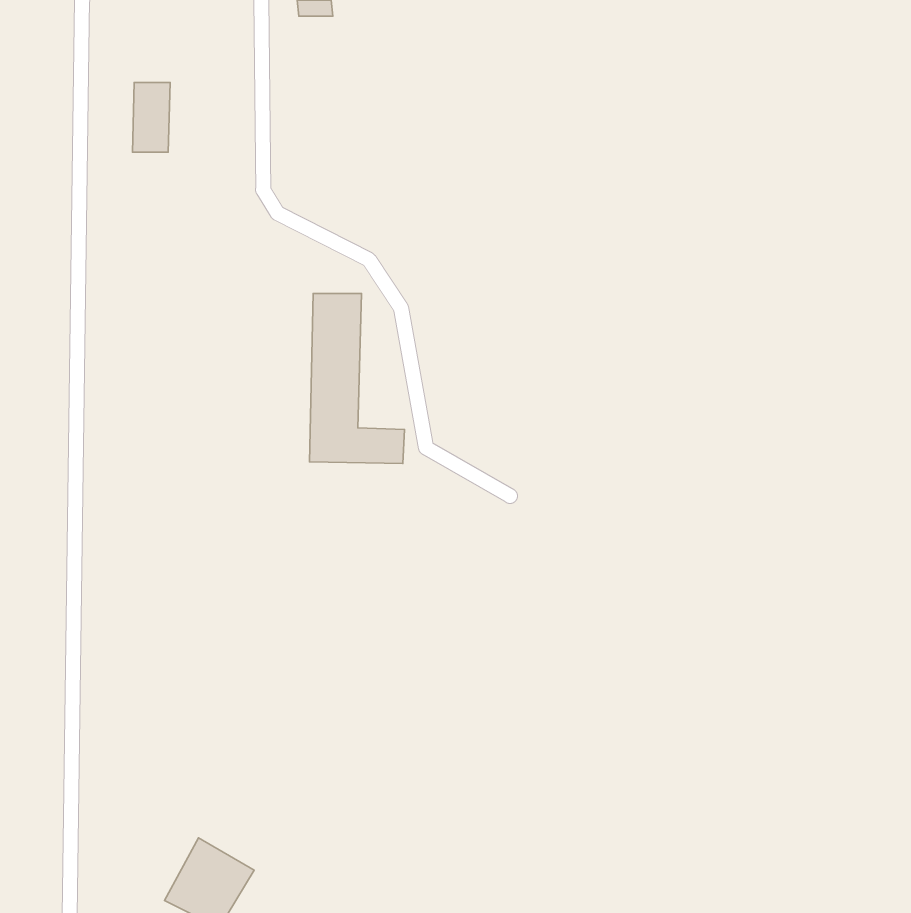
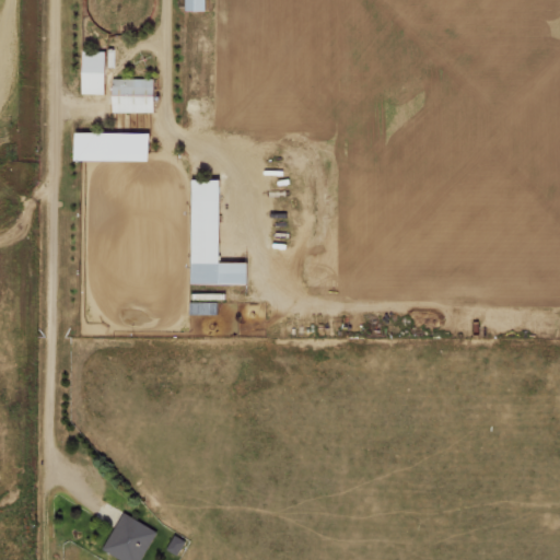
building: none -> [110,79,153,113]
building: none -> [75,133,150,162]

